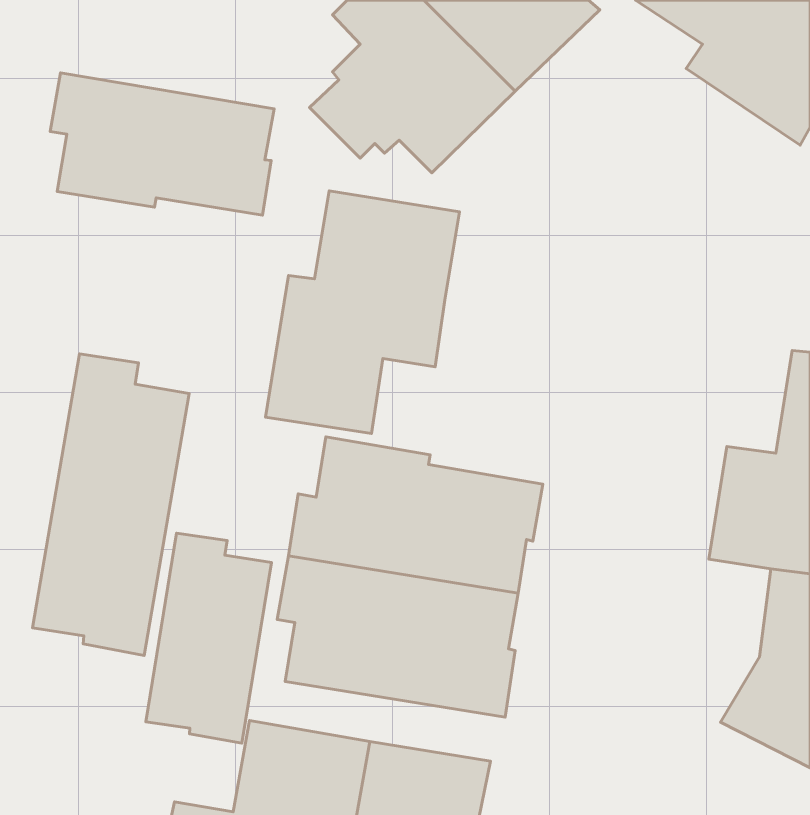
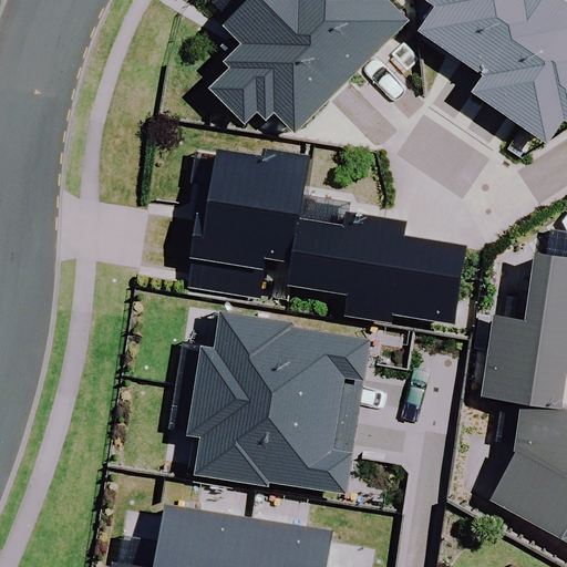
building: [50,73,274,215] -> none
building: none -> [292,209,468,323]
building: [33,354,189,656] -> none
building: [146,533,271,743] -> none

